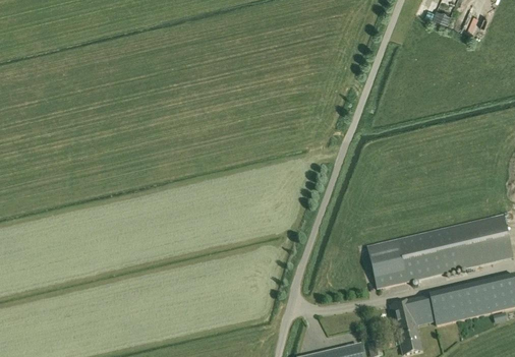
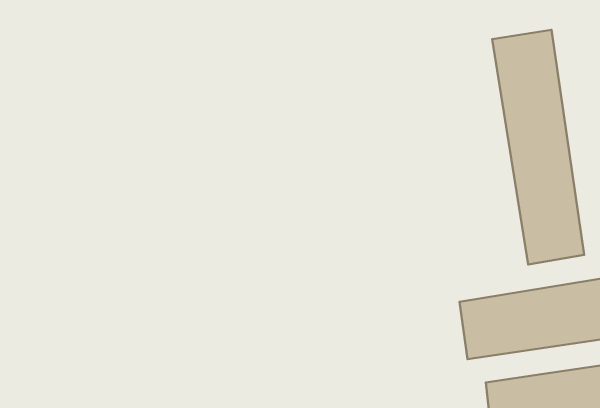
building: none -> [492,30,584,264]

